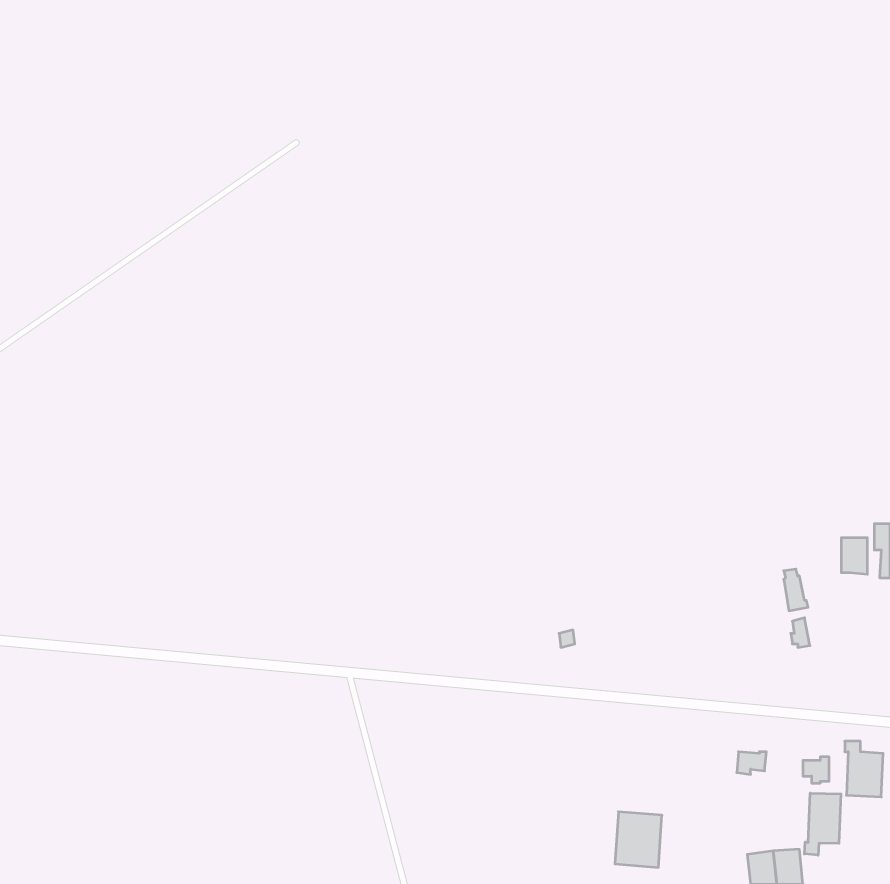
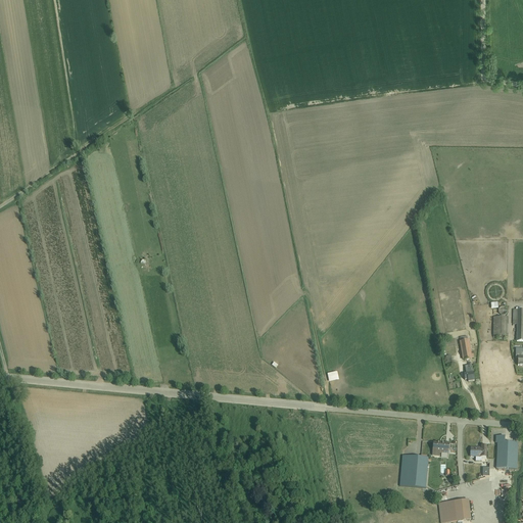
building: [804,793,841,855] -> none
building: [615,812,662,867] -> [400,455,428,487]

